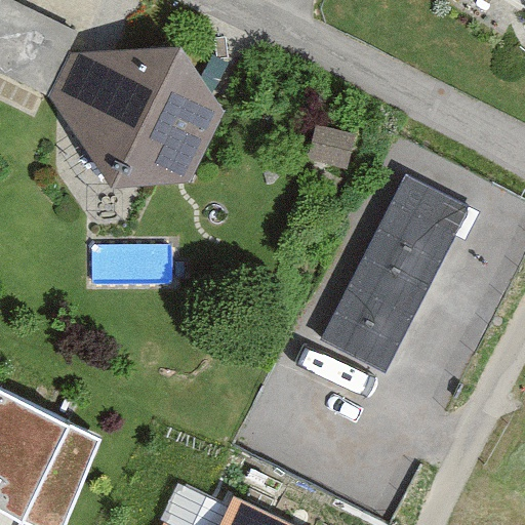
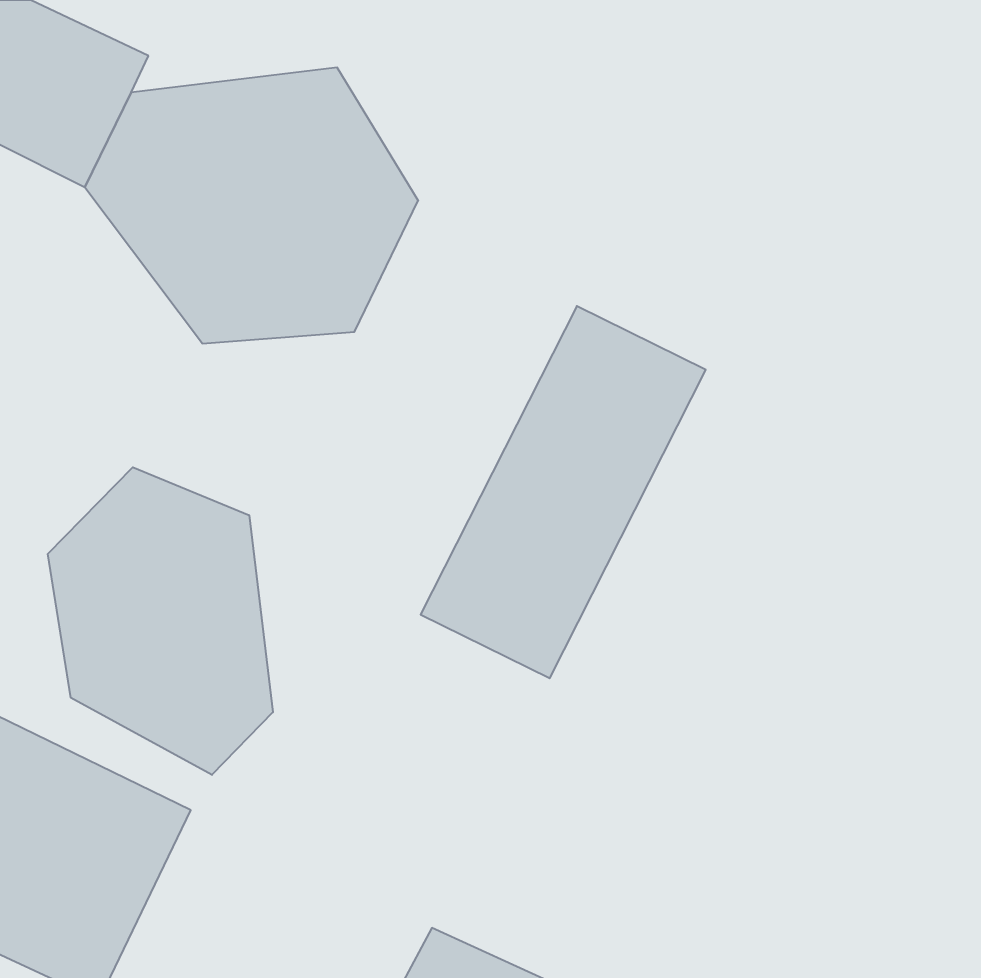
building: [318,175,470,373] -> [421,306,706,678]
building: none -> [48,467,273,775]

